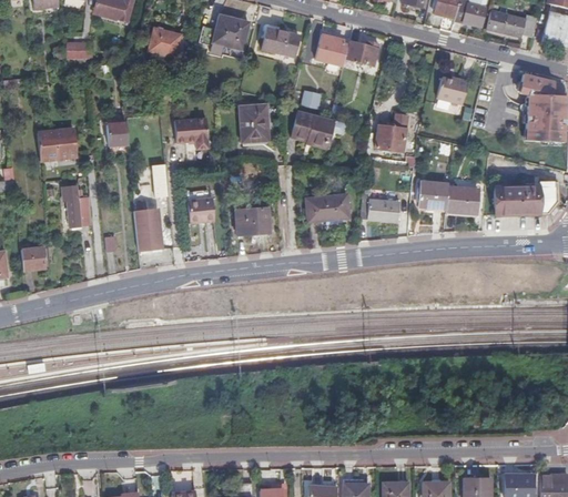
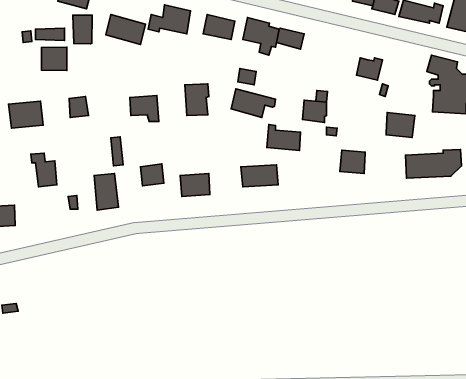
building: none -> [73,15,92,44]
building: none -> [42,47,67,71]
building: [447,186,480,215] -> [386,113,415,138]
building: [361,193,399,223] -> [267,125,301,151]

